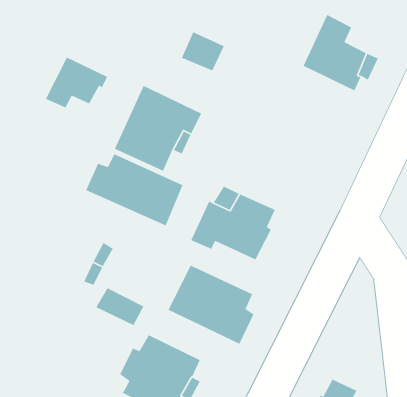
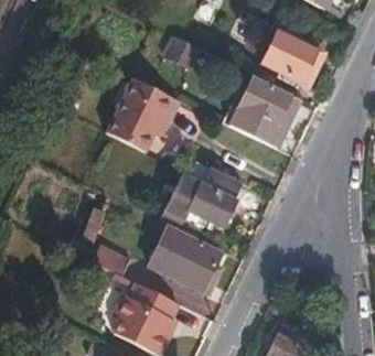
building: [45,56,108,109] -> none
building: none -> [227,75,297,145]
building: [85,153,184,227] -> none

